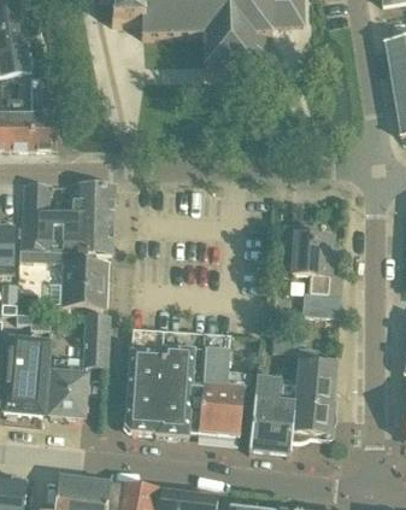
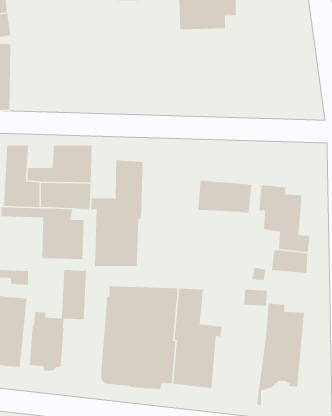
building: [30,78,57,147] -> none
building: none -> [91,160,143,267]
building: none -> [198,180,252,214]
building: [248,364,296,453] -> none

